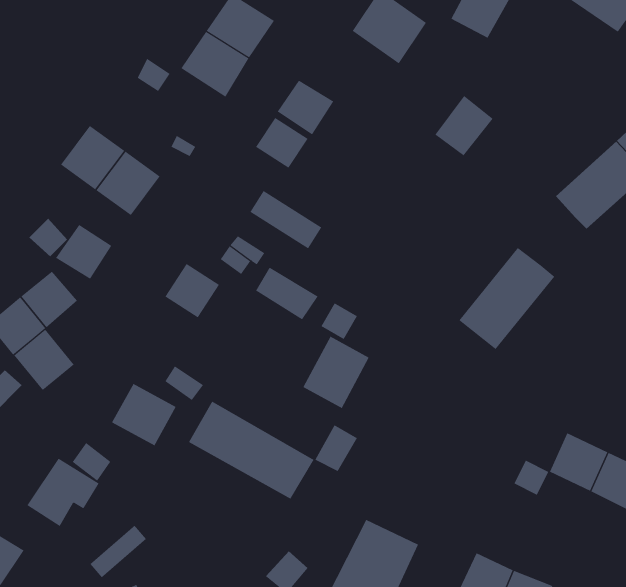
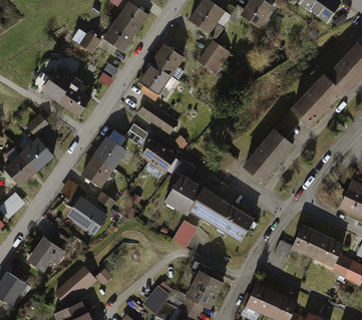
building: [434,95,494,156] -> [198,40,228,71]
building: none -> [276,104,305,139]
building: [55,224,112,279] -> [84,155,113,184]
building: [13,329,75,391] -> none
building: [188,401,314,499] -> [191,189,255,239]

